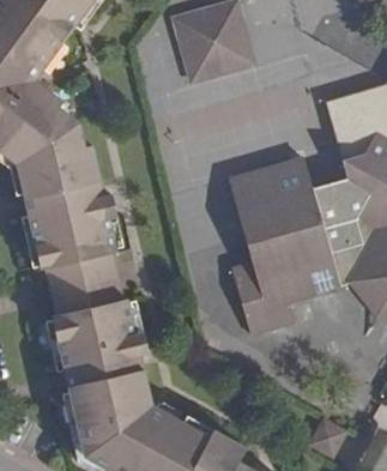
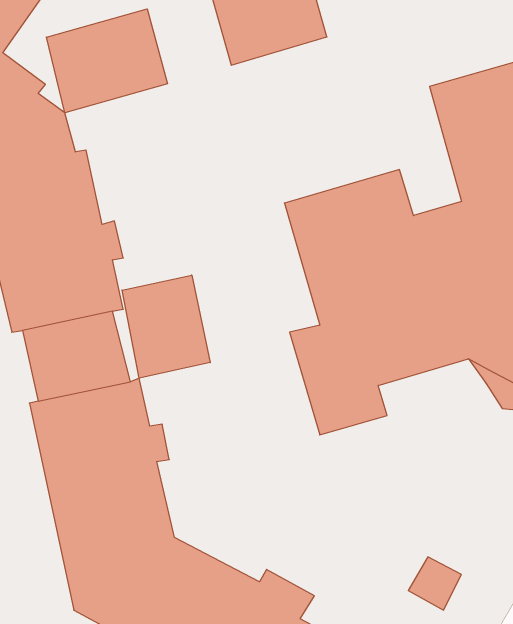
building: none -> [46,9,167,113]
building: none -> [122,275,210,378]

